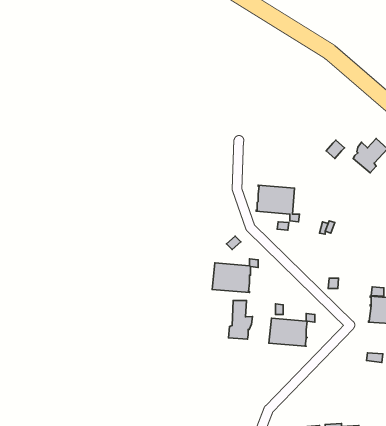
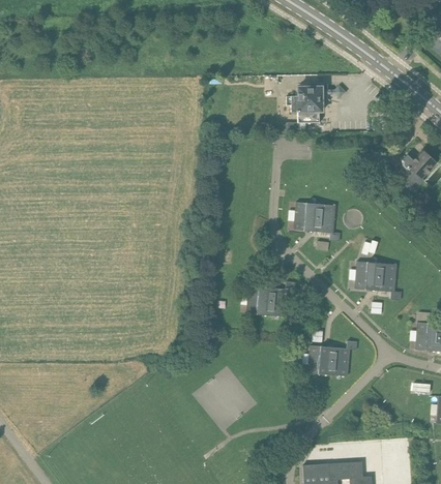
building: none -> [287,83,329,122]
building: none -> [355,261,402,300]
building: [229,301,252,339] -> none

